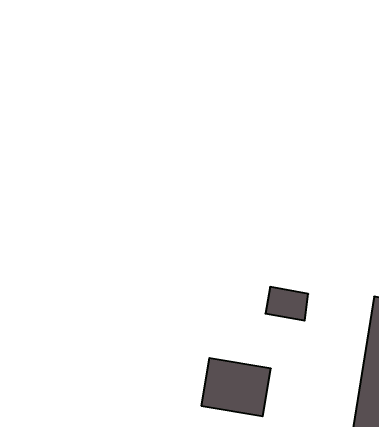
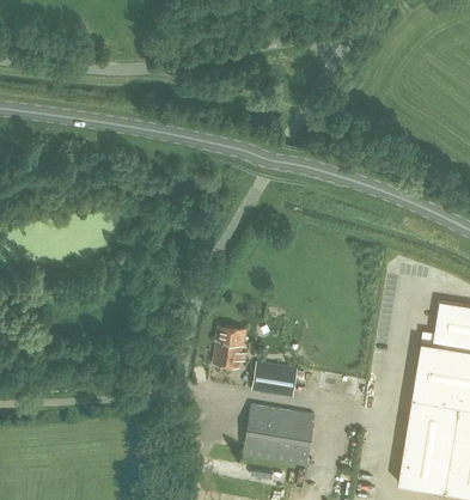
building: none -> [213,327,245,371]
building: [265,287,308,321] -> [252,364,297,398]

